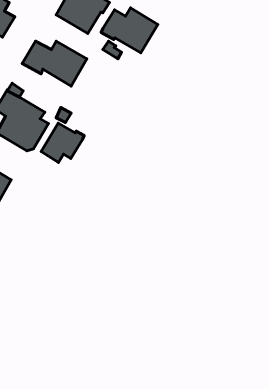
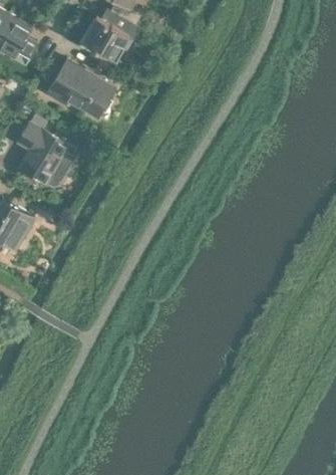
building: [101,8,158,53] -> none
building: [41,123,84,163] -> none

